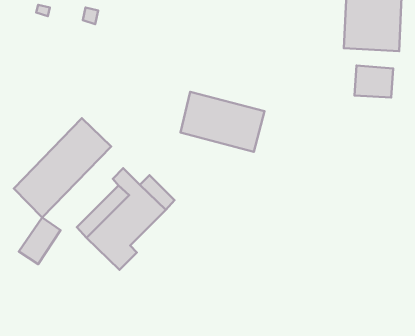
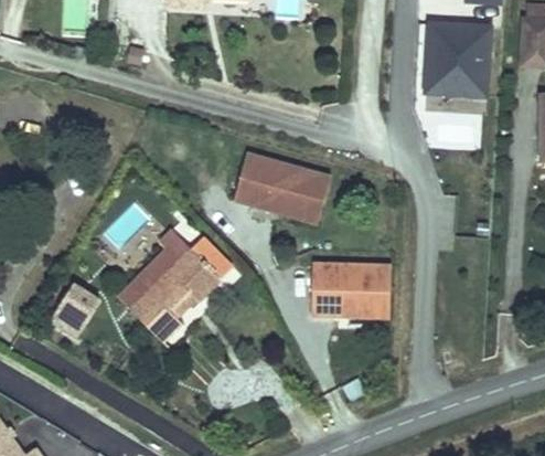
building: [14,118,111,218] -> none
building: none -> [318,262,404,314]

